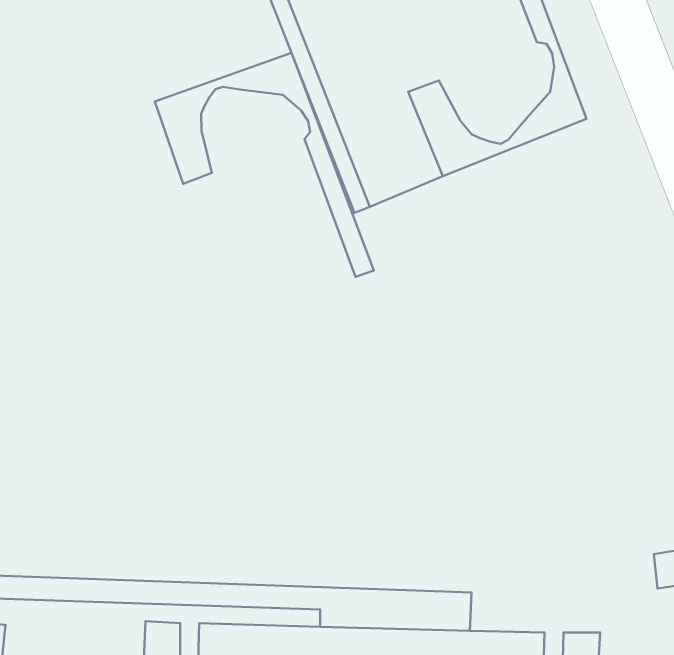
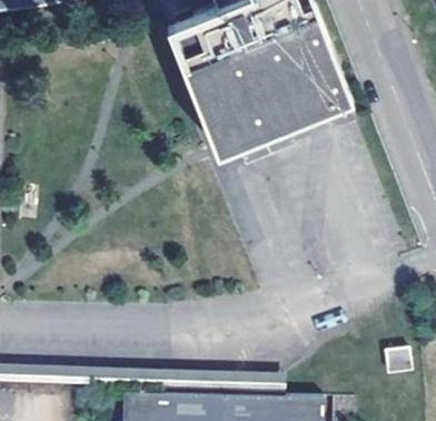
building: [155,53,374,277] -> none

